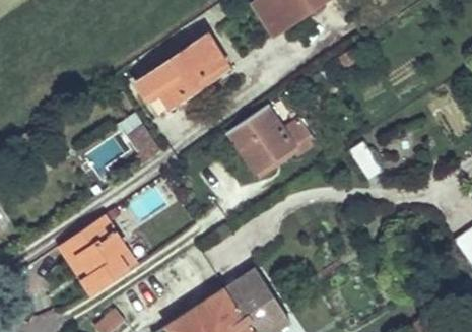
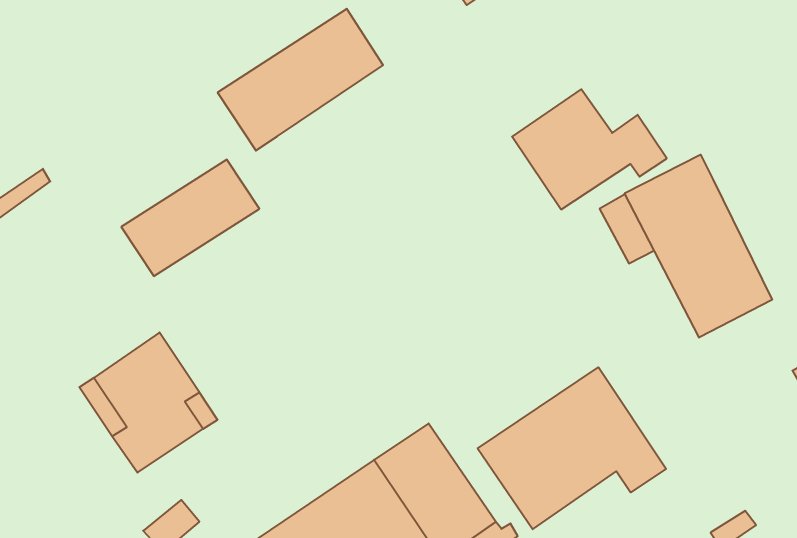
building: [229,106,316,173] -> [512,89,667,209]
building: none -> [625,155,772,338]
building: none -> [478,367,666,529]

